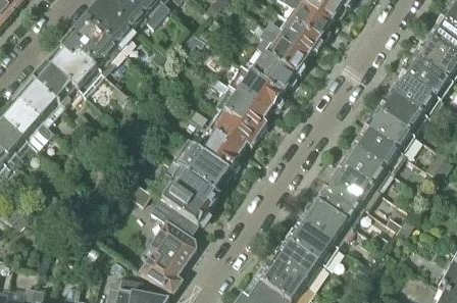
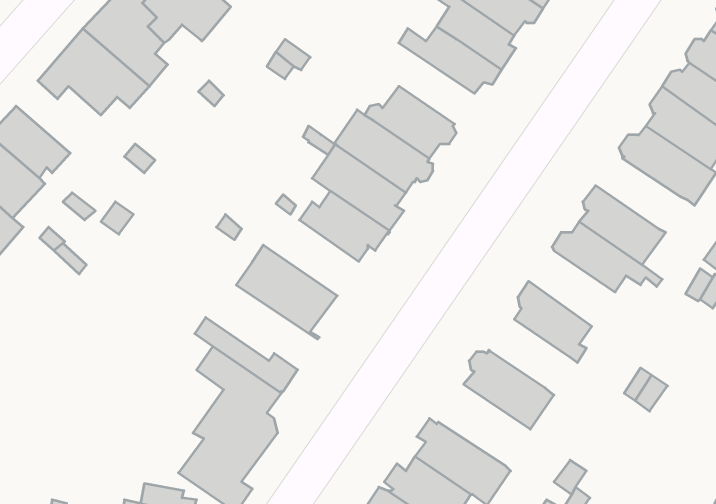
building: [256,27,307,73] -> none
building: [48,48,105,96] -> none
building: [375,92,427,132] -> none
building: [188,127,242,169] -> none
building: [338,144,390,189] -> none
building: [155,162,218,211] -> none
building: [316,182,361,225] -> none
building: [287,219,339,265] -> none

